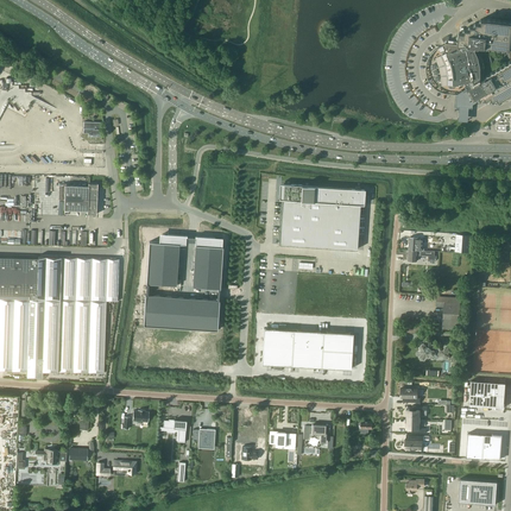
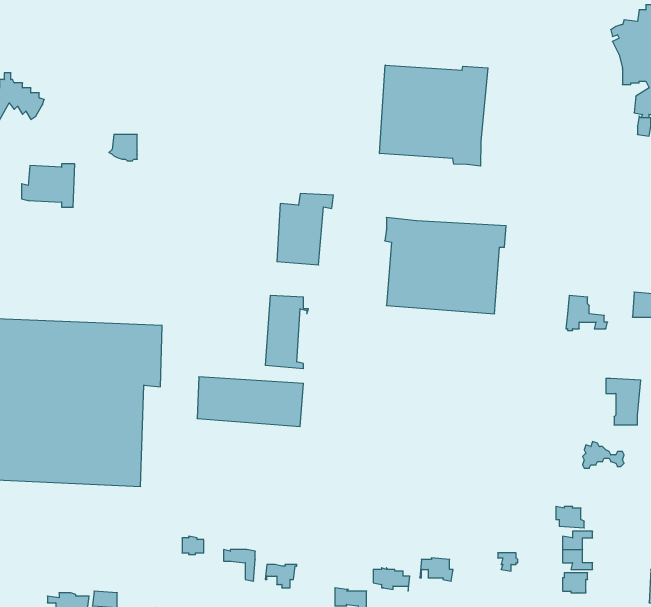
building: none -> [380,65,488,166]
building: [59,184,97,215] -> [22,164,75,207]
building: [146,235,187,286] -> [277,194,333,265]
building: [261,329,353,370] -> none

